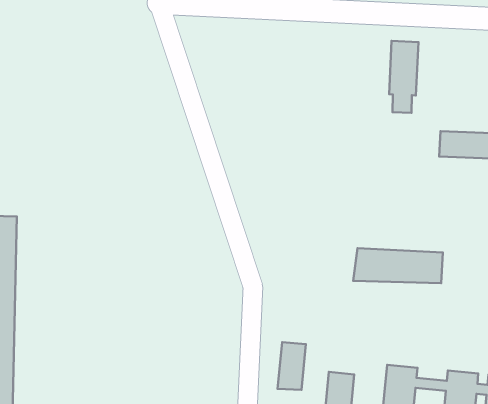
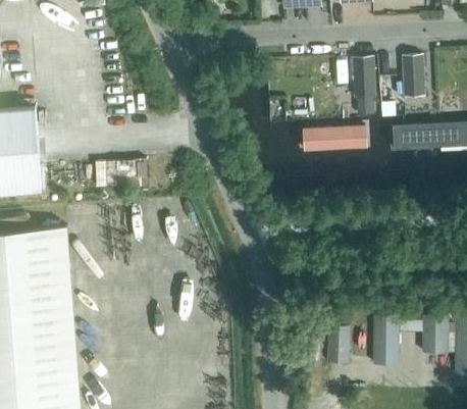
building: none -> [401,56,425,99]
building: [353,248,443,283] -> [308,125,378,155]
building: [278,342,306,390] -> none

